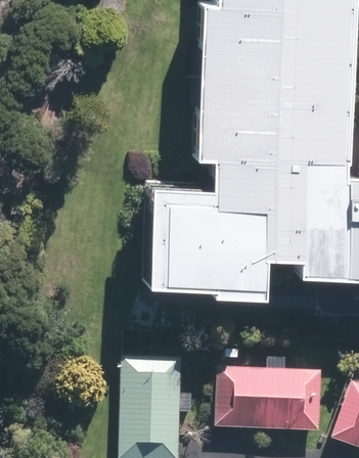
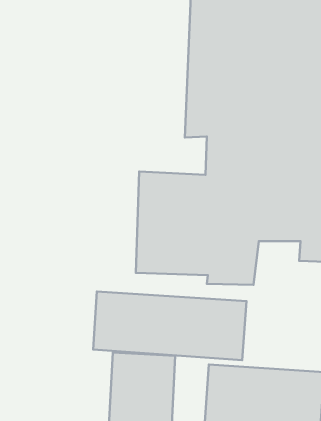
building: none -> [93,291,246,360]

